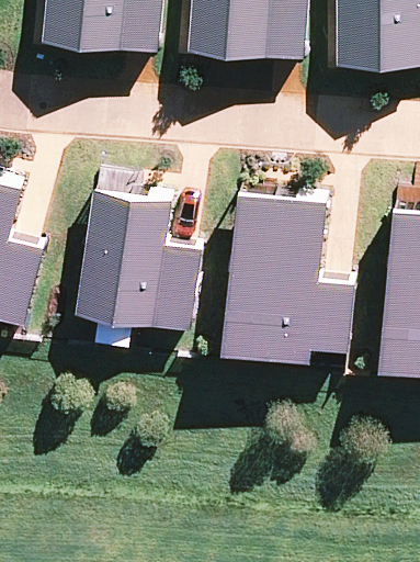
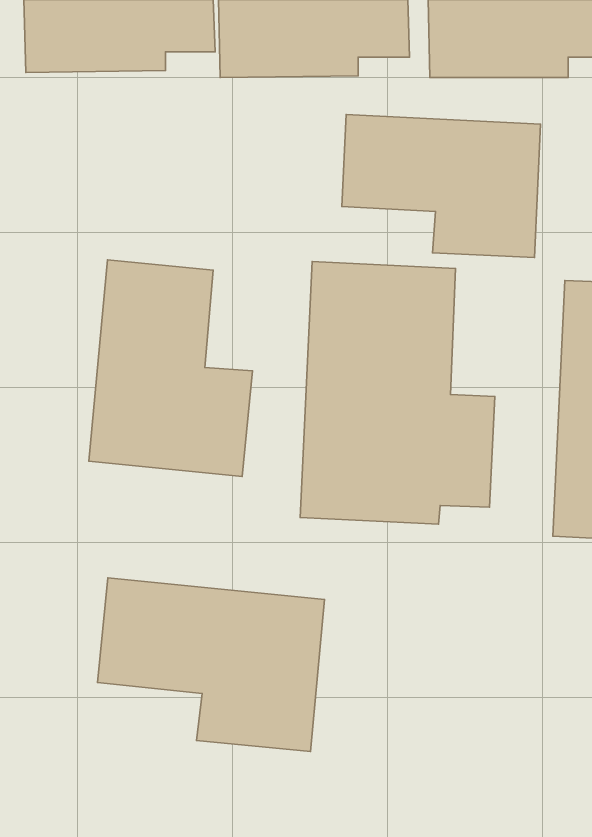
building: none -> [342,115,540,258]
building: none -> [98,578,325,752]

